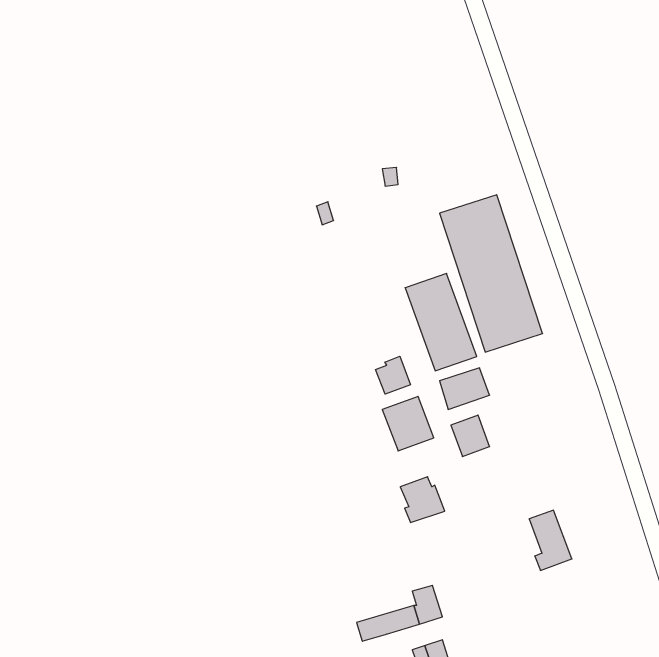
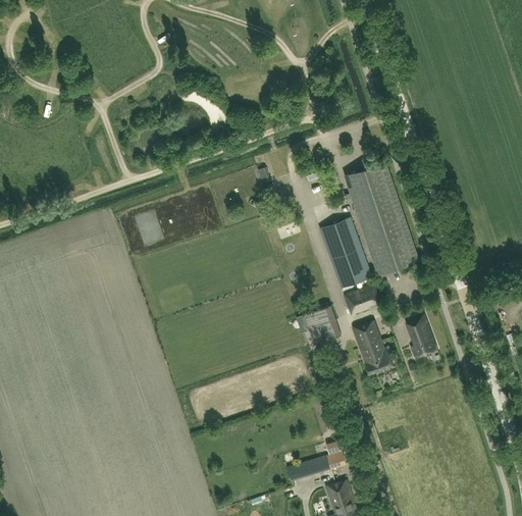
building: [375,356,410,394] -> none
building: [400,477,445,522] -> [361,343,393,375]
building: [529,510,572,570] -> [406,315,436,358]

